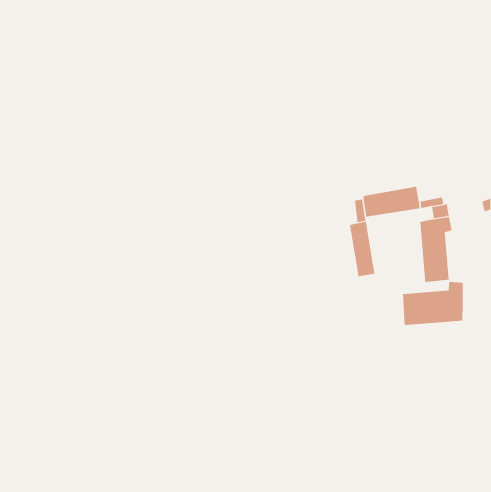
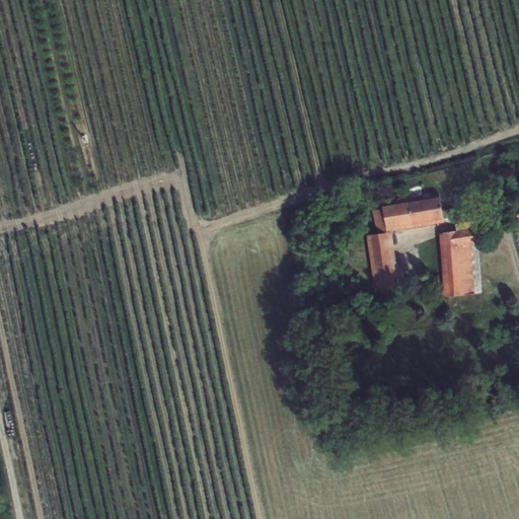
building: [403,281,463,326] -> none

